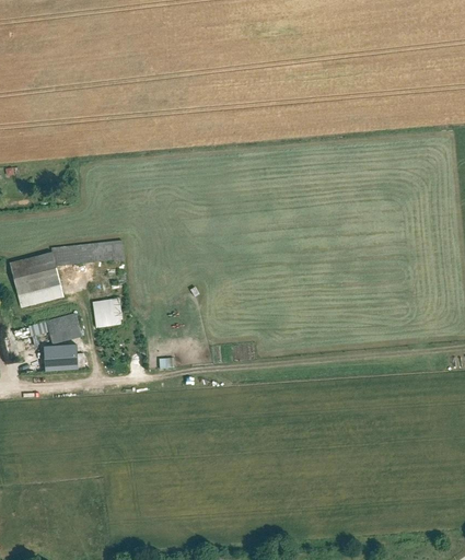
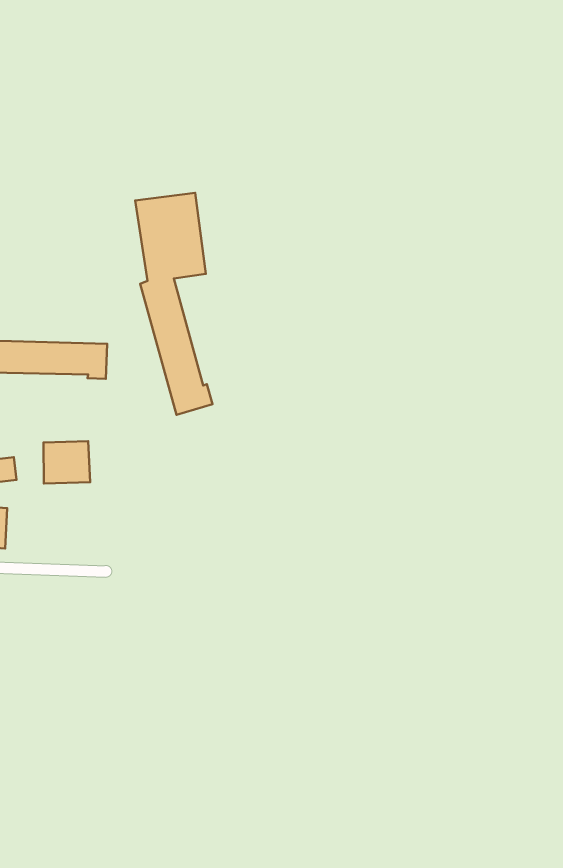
building: none -> [135,193,212,415]

